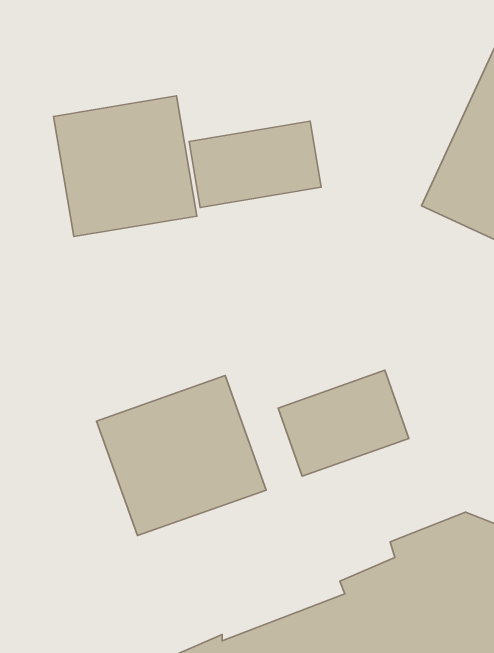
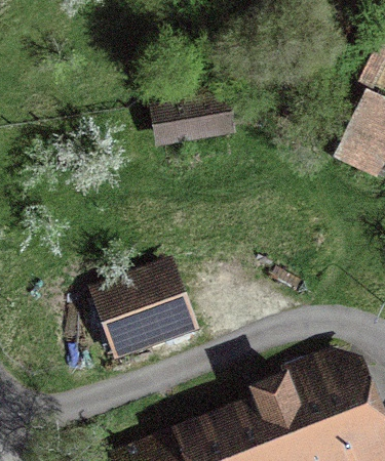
building: [53,96,197,237] -> none
building: [278,370,409,476] -> none

